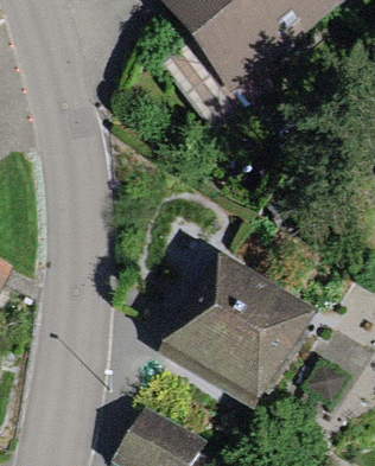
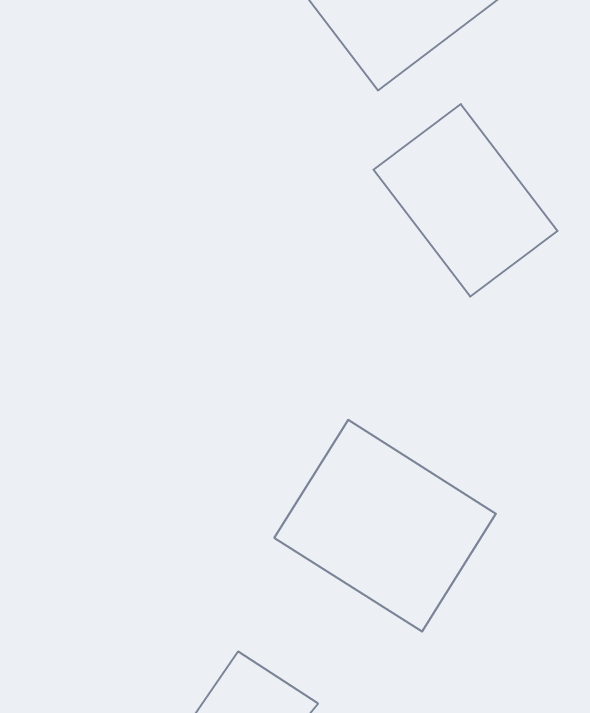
building: none -> [373,104,558,297]

